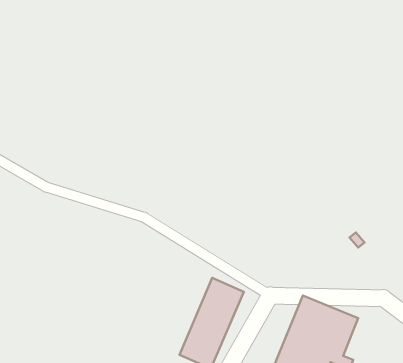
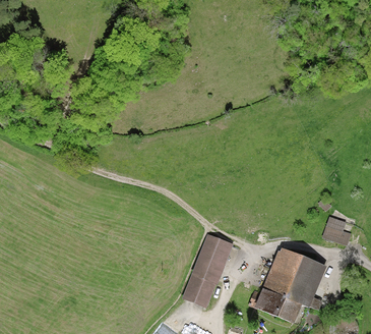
building: none -> [321,215,348,242]

